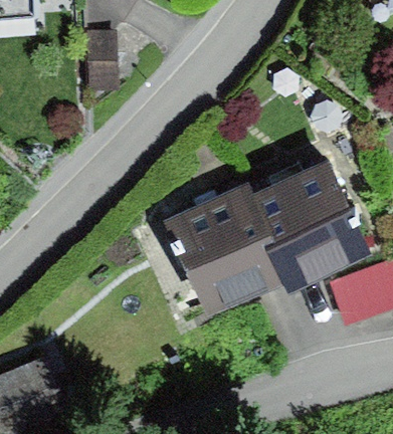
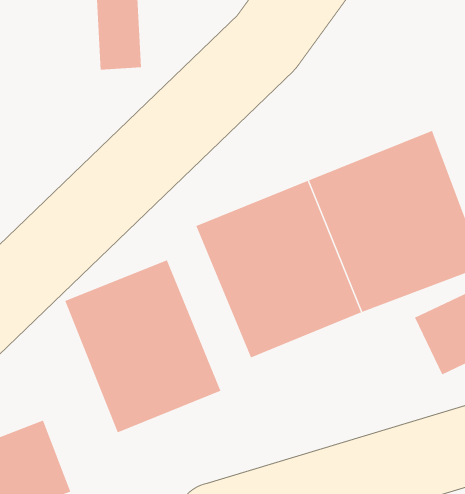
building: none -> [65,259,221,433]

